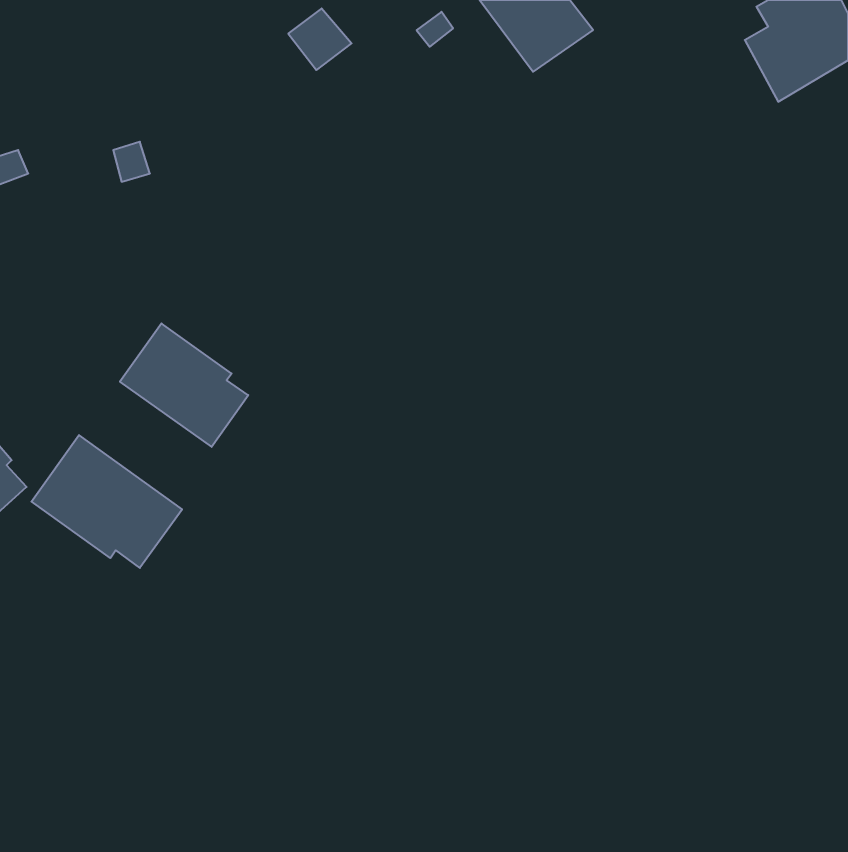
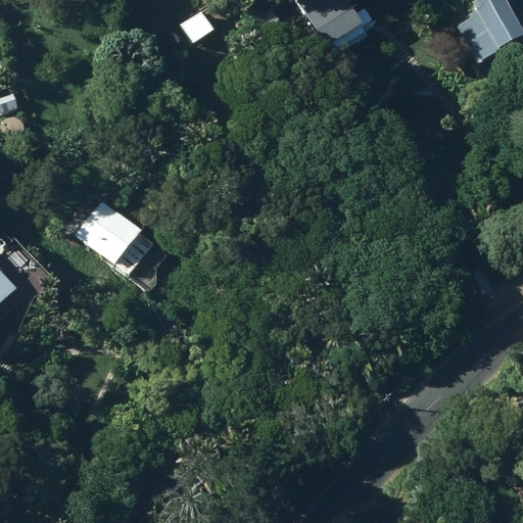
building: [31,435,182,568] -> none

